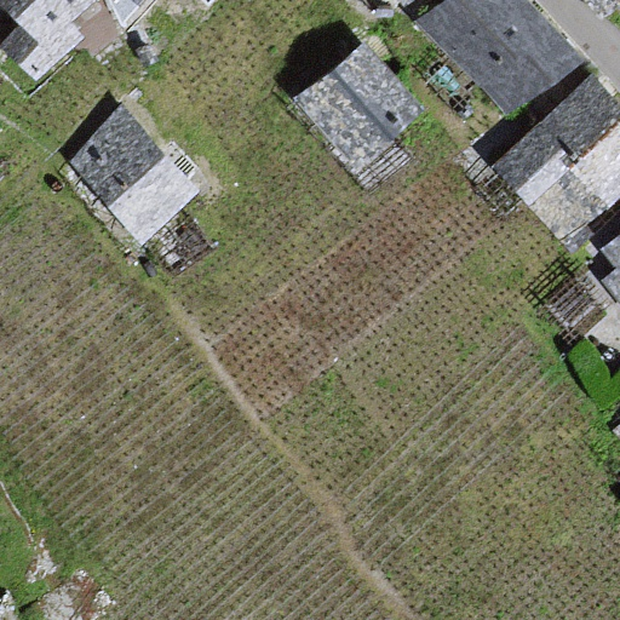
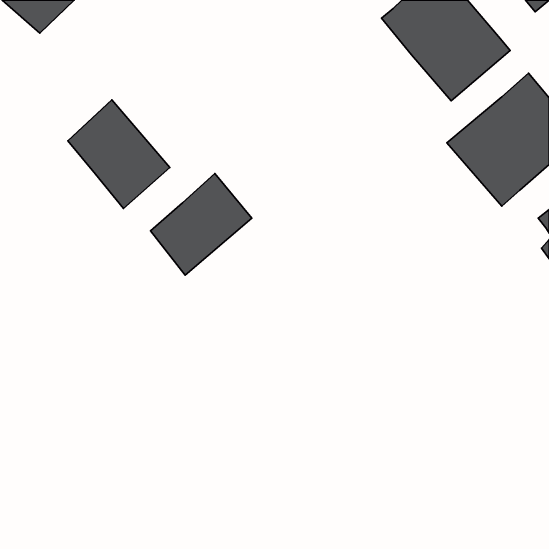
building: [300,48,418,166] -> none
building: none -> [150,174,252,275]

